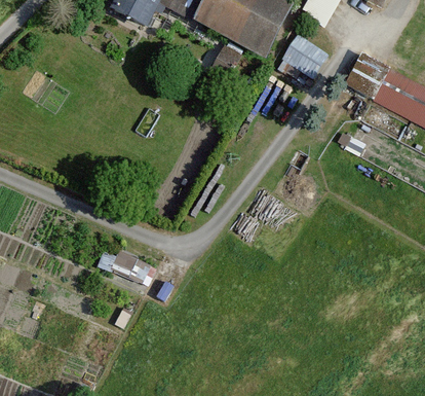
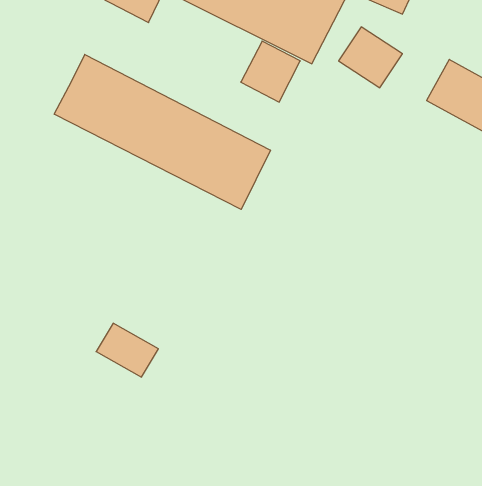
building: none -> [54,54,270,209]

